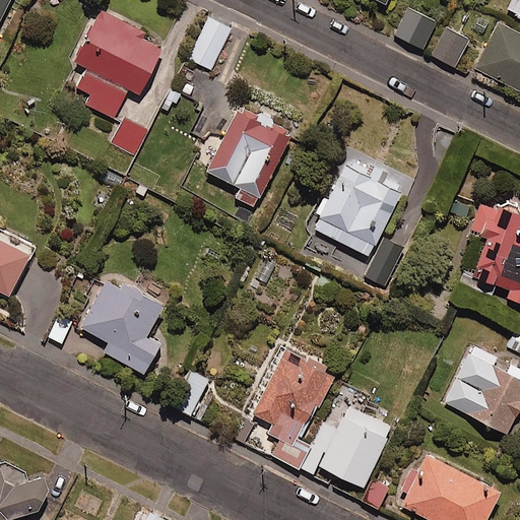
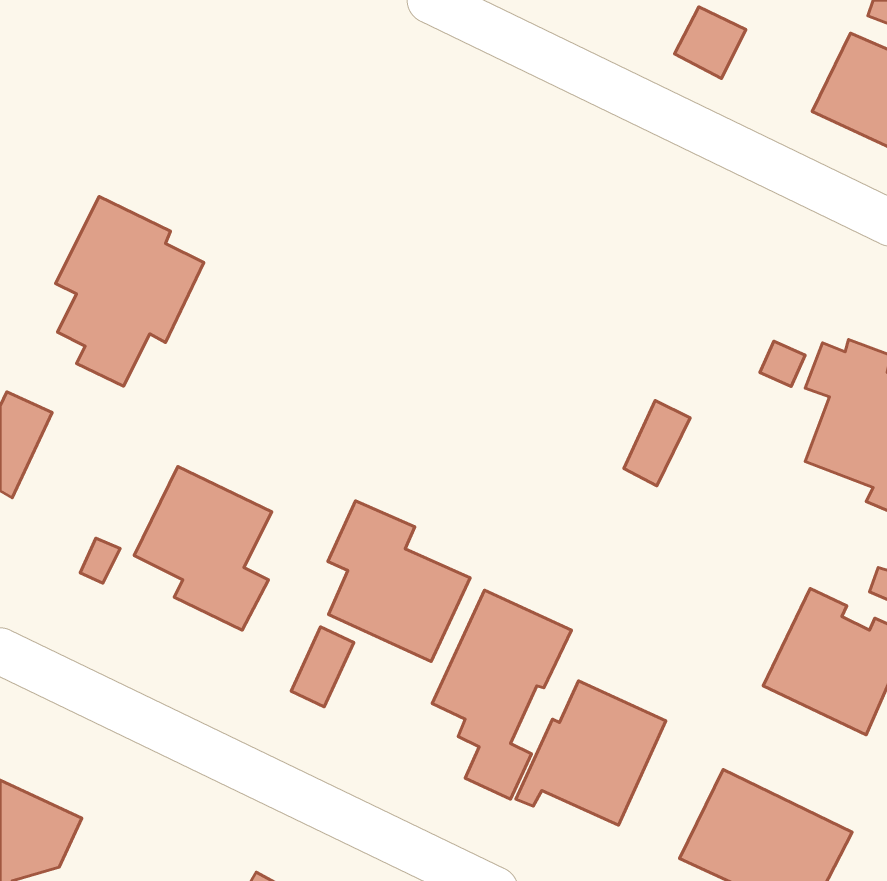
building: [74,10,160,121] -> [56,196,204,386]
building: [190,19,233,73] -> none
building: [432,28,469,69] -> none
building: [207,103,294,208] -> none
building: [316,158,400,256] -> none
building: none -> [328,501,470,661]

